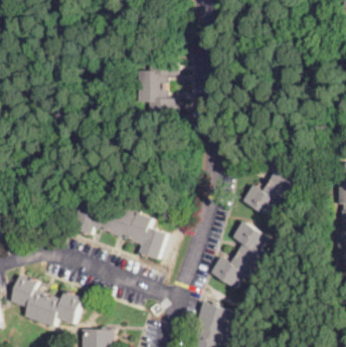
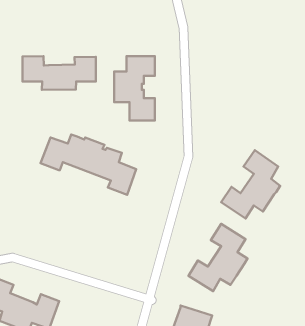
building: none -> [23,56,96,90]
building: [70,200,165,259] -> [40,134,136,195]

